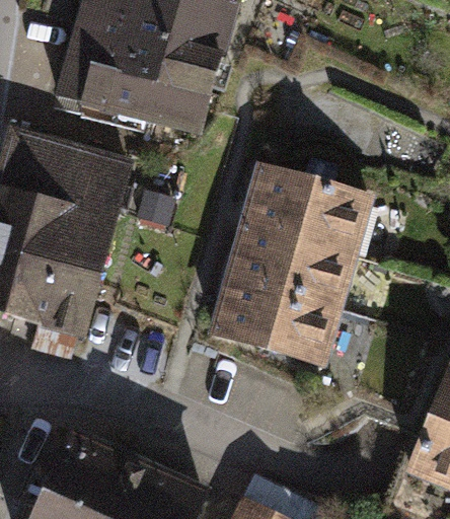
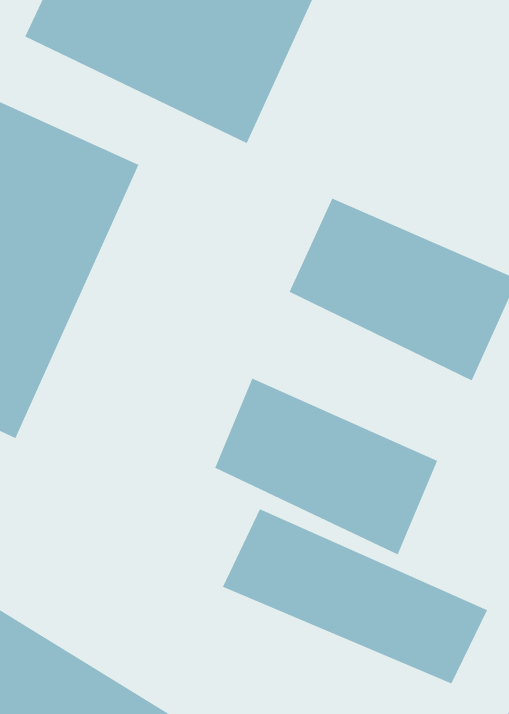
building: [223,222,356,309] -> none
building: none -> [222,508,488,685]

